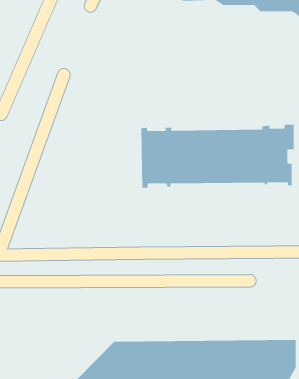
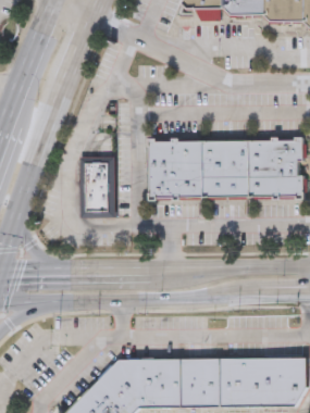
building: none -> [78,158,115,220]

